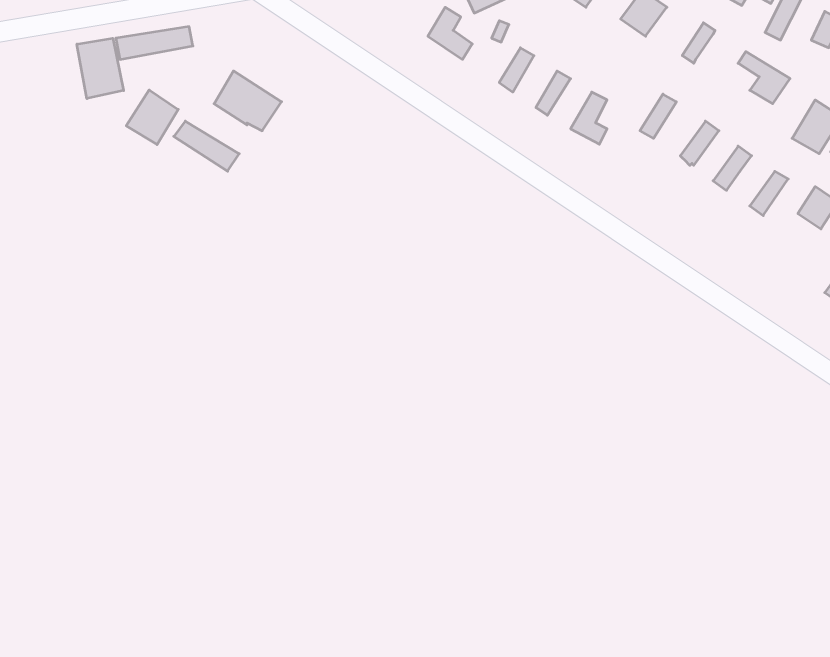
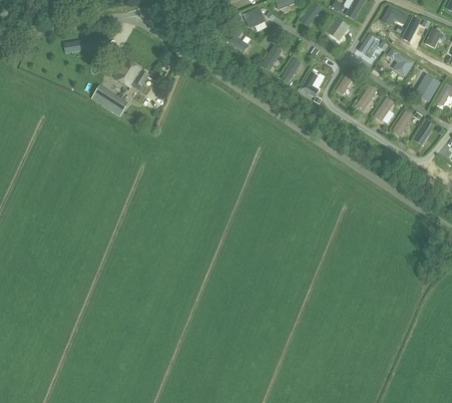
building: [77,38,124,99] -> none
building: [126,90,178,145] -> none

